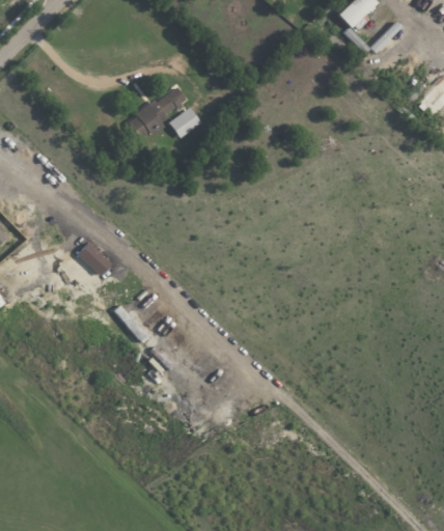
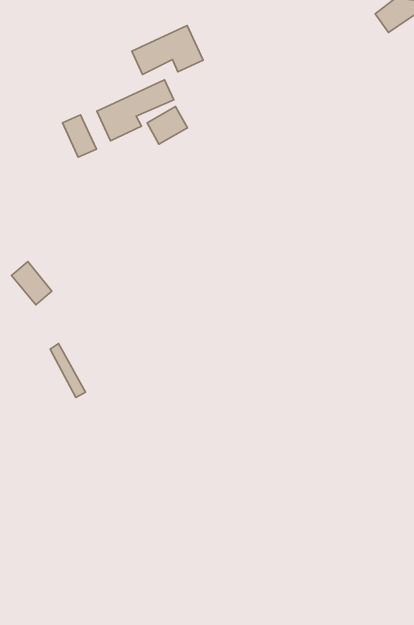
building: none -> [132,26,203,75]
building: none -> [62,115,96,157]

